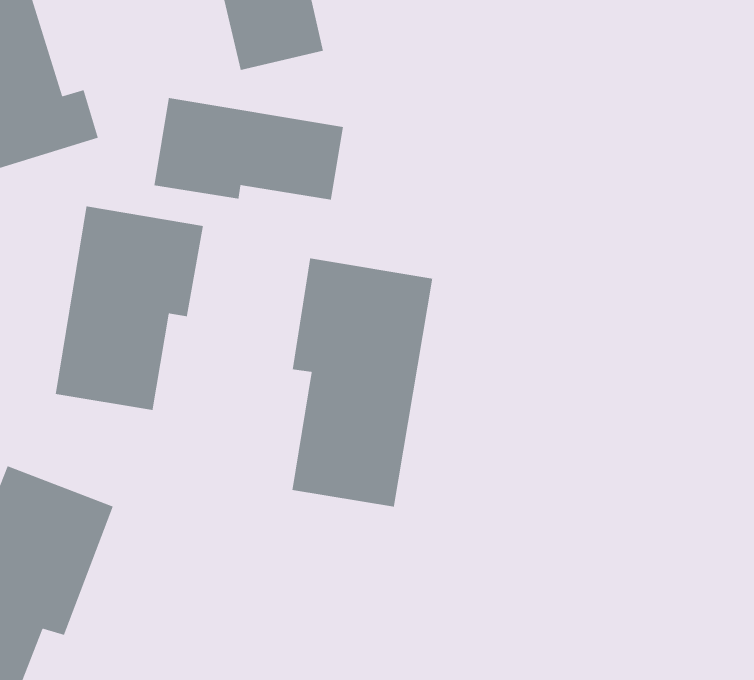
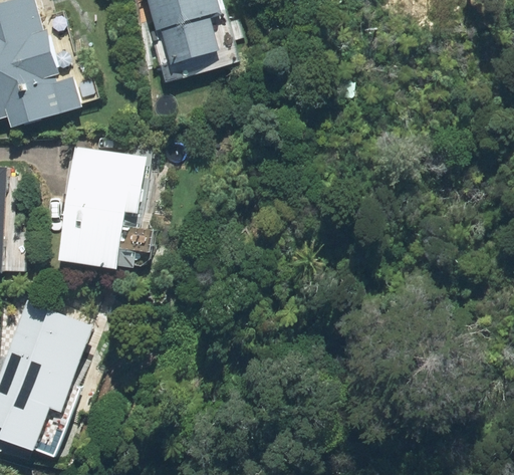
building: [153,97,344,201] -> none
building: [292,258,433,508] -> none

